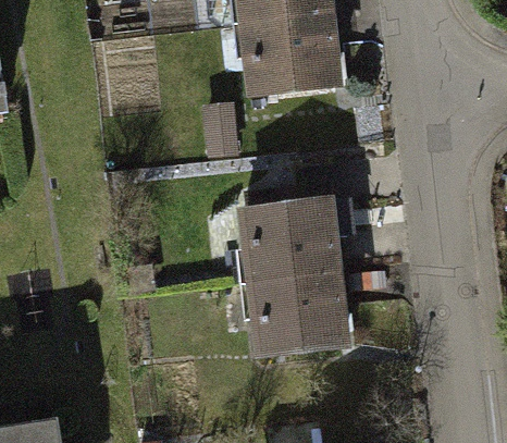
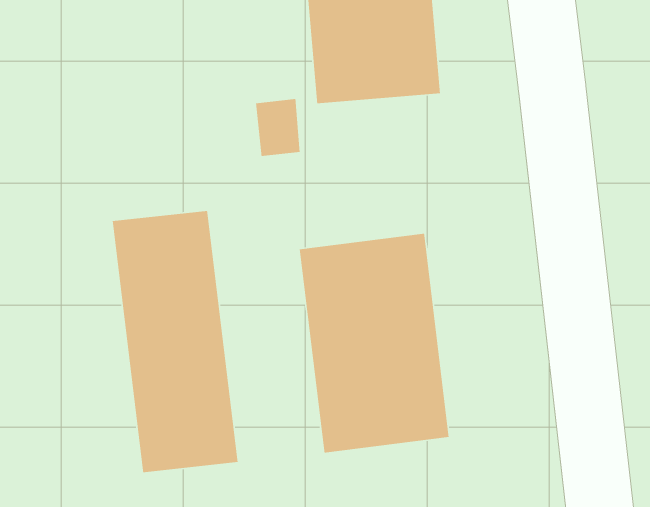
building: none -> [112,210,238,473]

